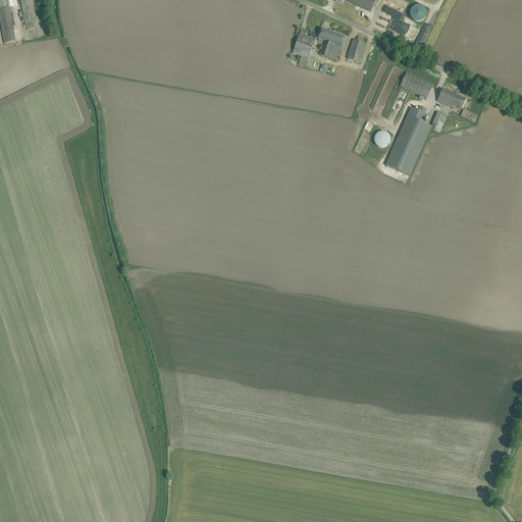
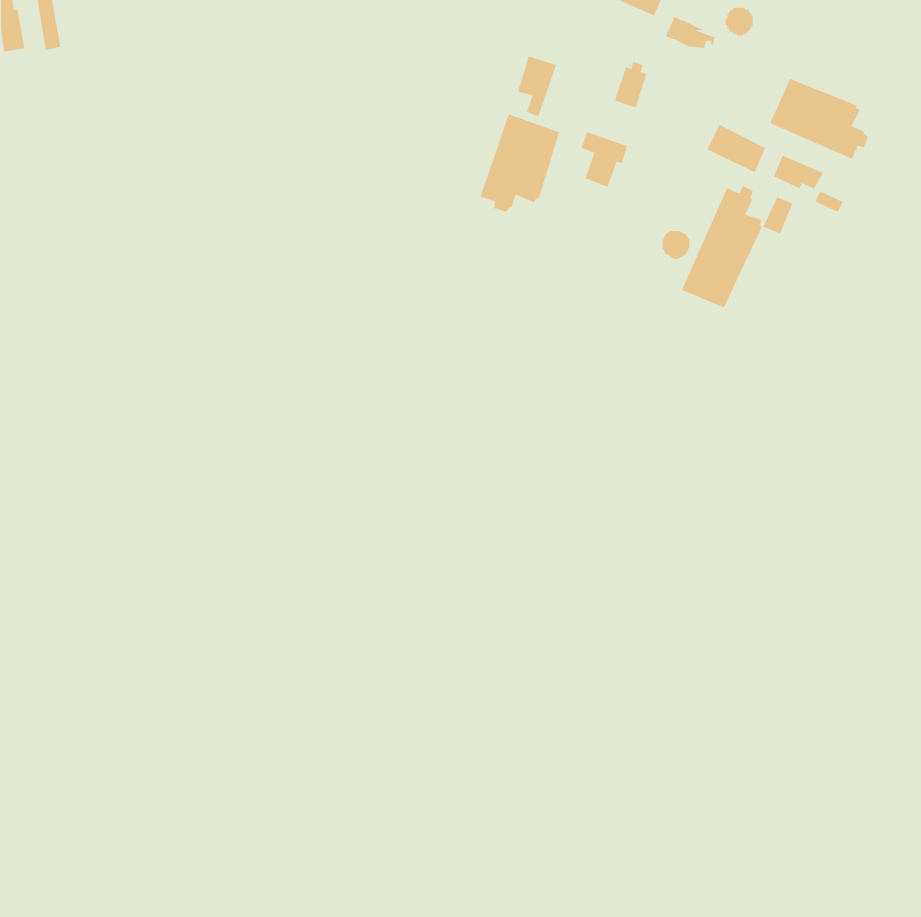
building: [318,27,345,58] -> [581,132,628,187]
building: none -> [769,78,869,159]
building: none -> [480,114,560,213]

